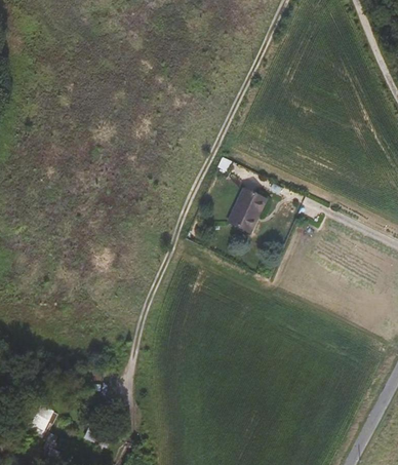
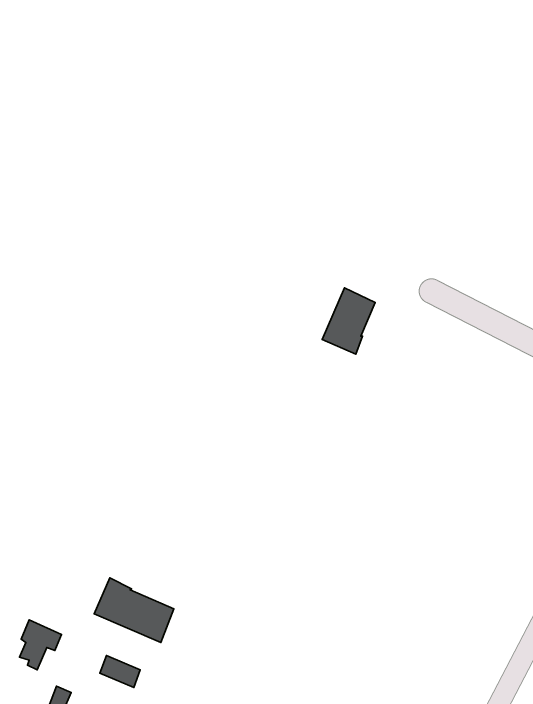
building: none -> [94,578,174,643]

